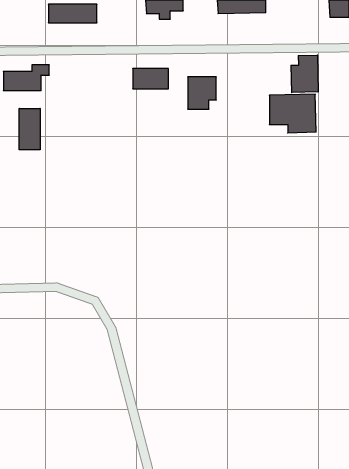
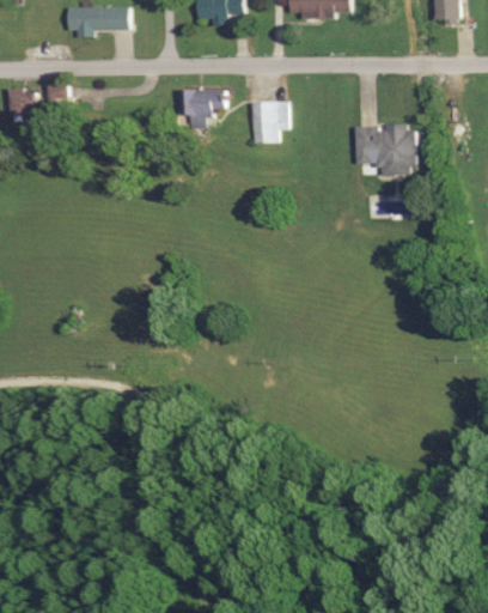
building: [291,55,318,93] -> none
building: [19,108,40,150] -> none

